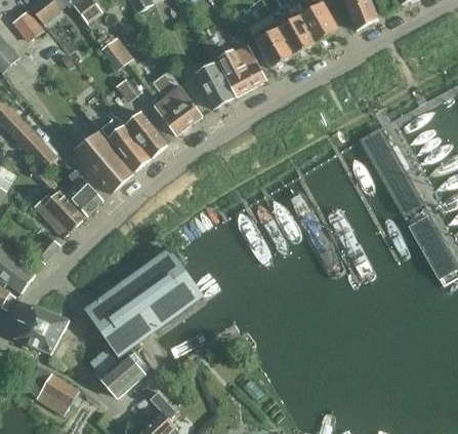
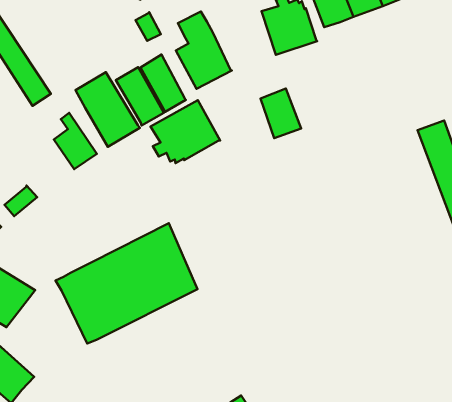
building: [196,66,233,108] -> [260,89,301,138]
building: none -> [151,100,220,163]
building: [33,189,84,236] -> none
building: [90,347,143,395] -> none

